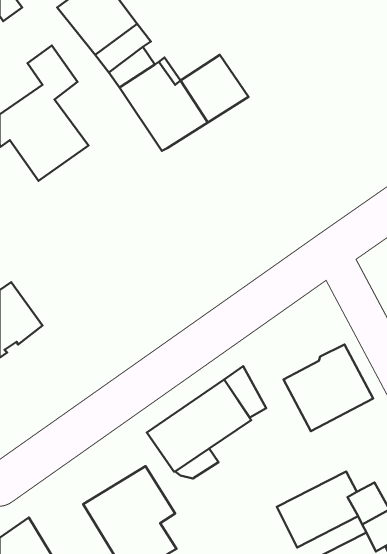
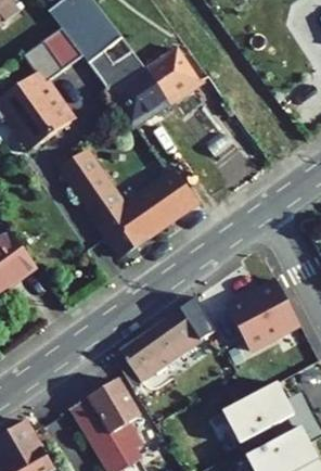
building: none -> [60,149,198,256]

